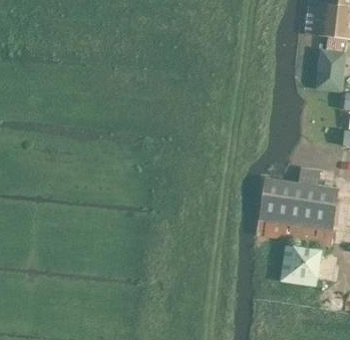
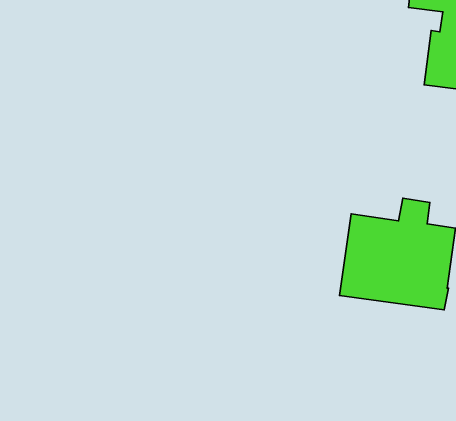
building: [280,244,322,287] -> none

